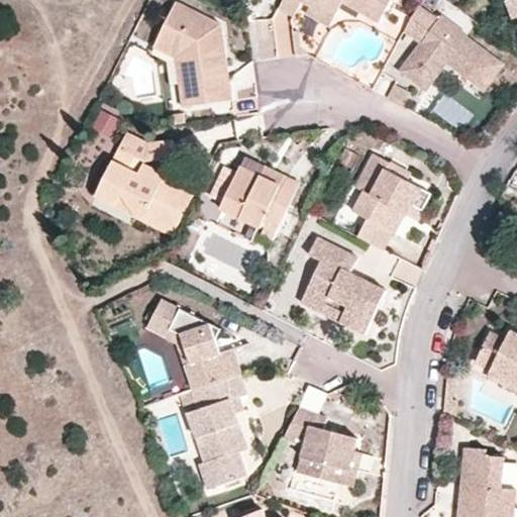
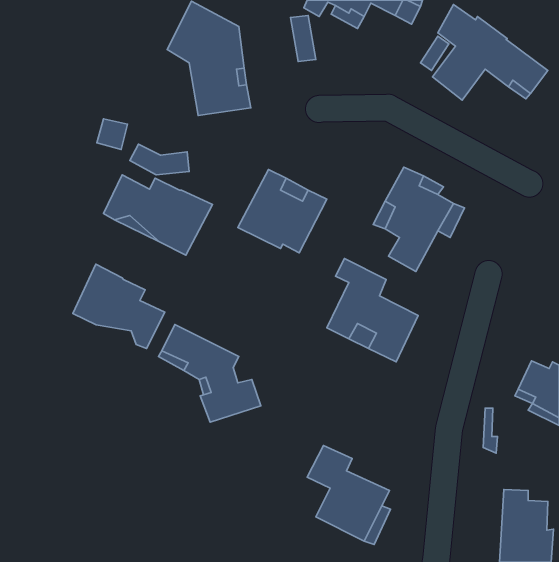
building: none -> [73,264,165,349]
building: [186,373,247,488] -> none

